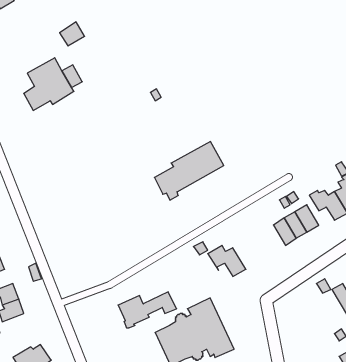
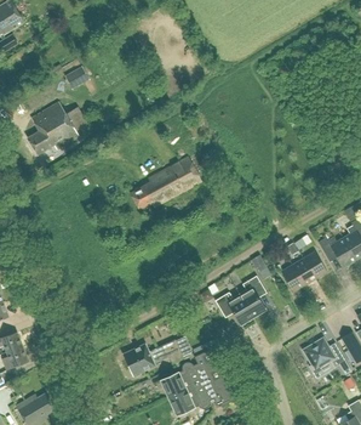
building: [154,142,224,200] -> [130,157,200,216]
building: none -> [239,276,265,317]
building: none -> [300,338,344,370]

